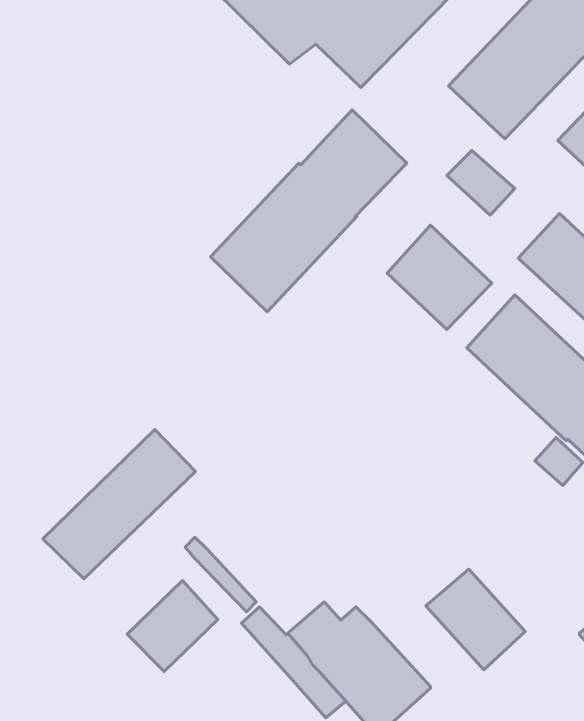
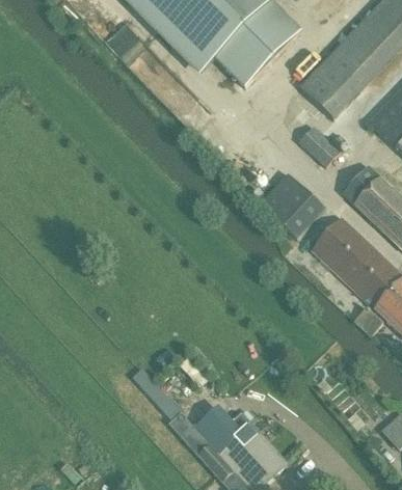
building: [210,110,407,312] -> none
building: [43,430,195,579] -> none
building: [426,569,525,670] -> none
building: [127,581,218,672] -> none

